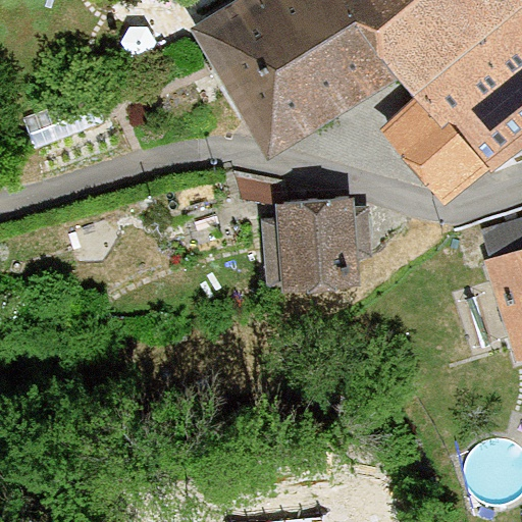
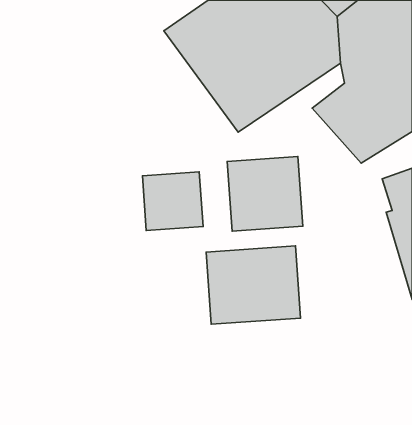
building: none -> [142,172,203,231]
building: none -> [206,246,300,324]

